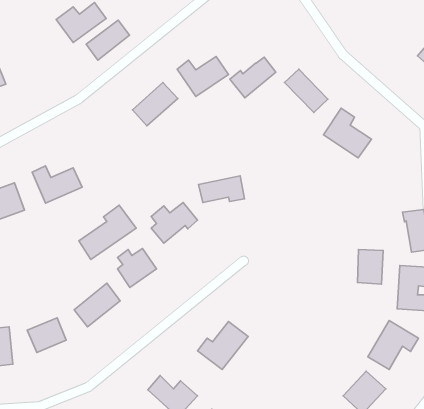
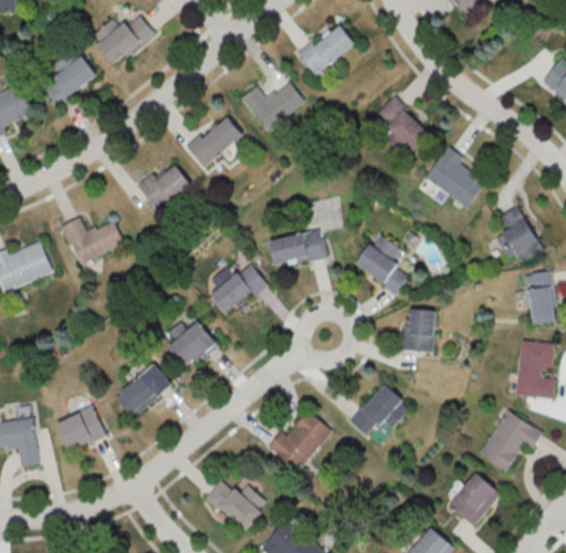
building: [86,20,130,60] -> [42,56,96,106]
building: [230,57,276,98] -> [297,25,355,76]
building: none -> [137,165,191,212]
building: none -> [496,207,542,263]
building: none -> [356,234,409,293]
building: [79,205,136,260] -> none
building: [358,250,383,284] -> [403,310,436,353]
building: none -> [352,385,410,436]

